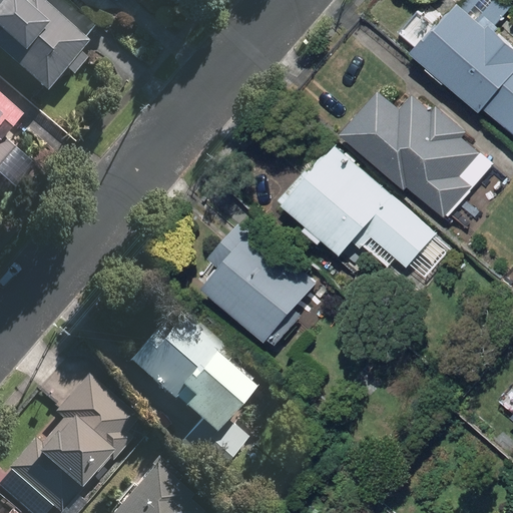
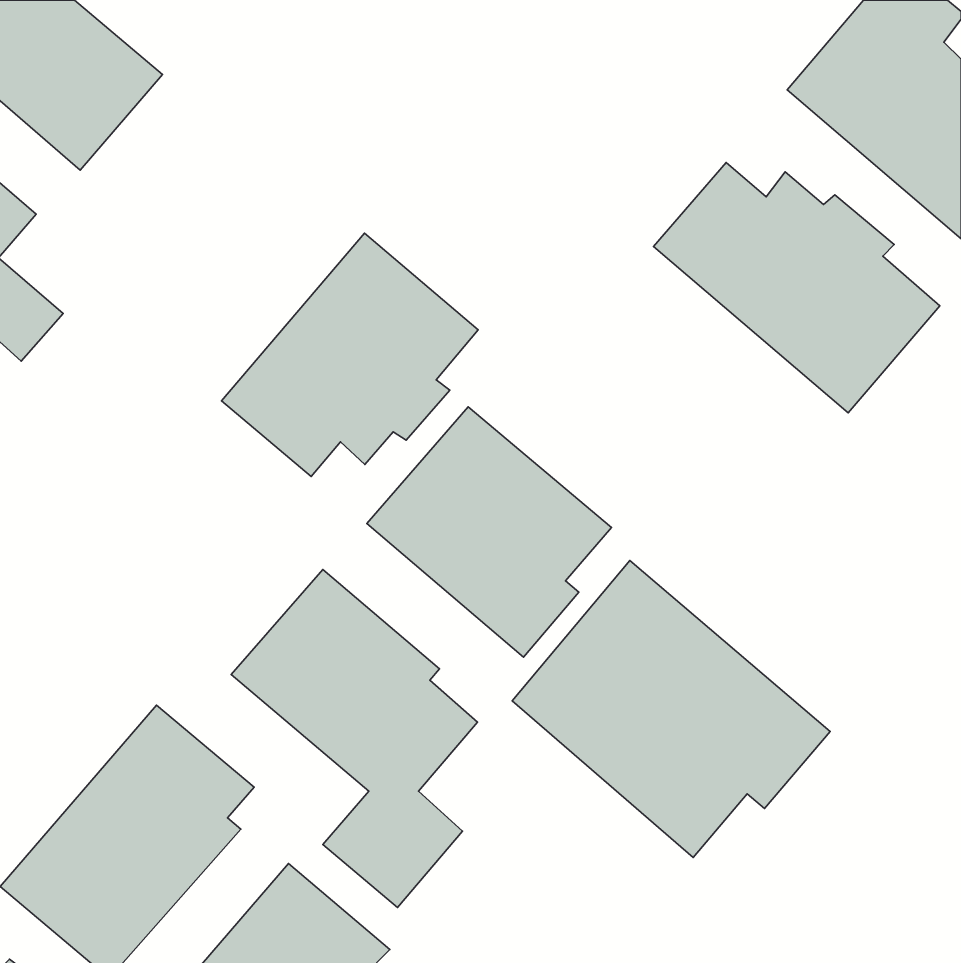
building: none -> [221,233,478,477]
building: [279,141,439,272] -> none
building: none -> [512,560,830,858]

